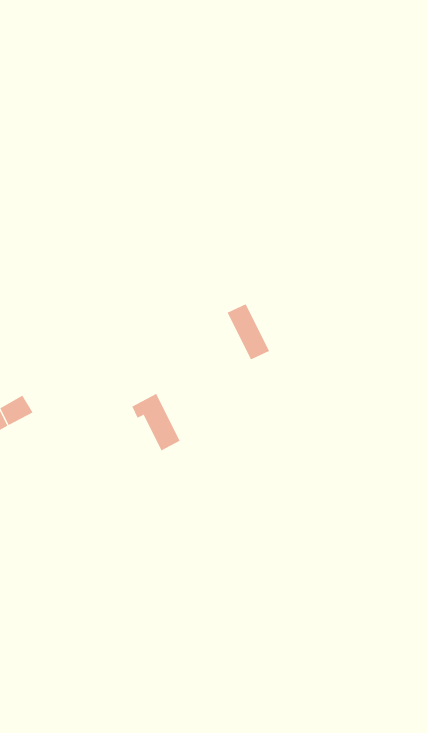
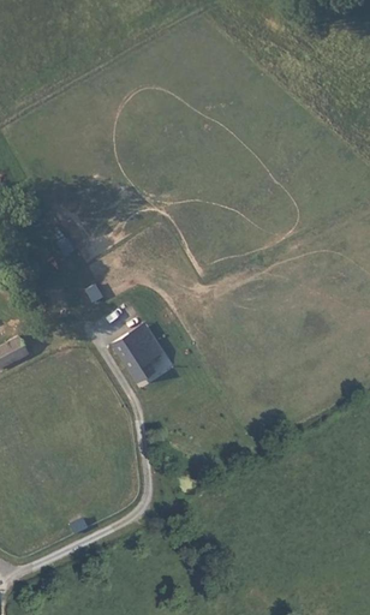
building: [227,304,270,360] -> [131,329,166,375]

